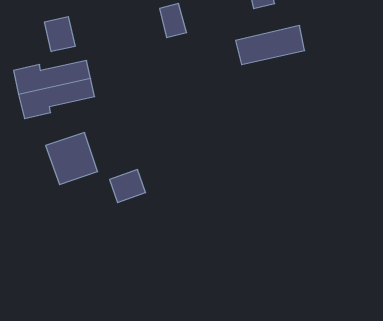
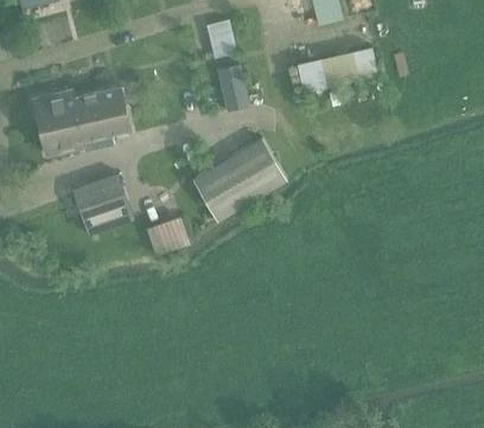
building: [45,17,75,52] -> none
building: none -> [216,64,248,111]
building: none -> [192,139,286,221]

